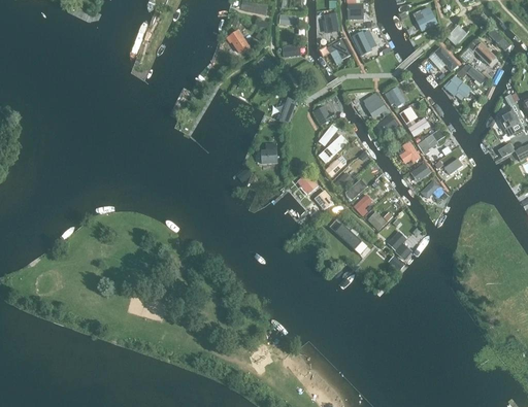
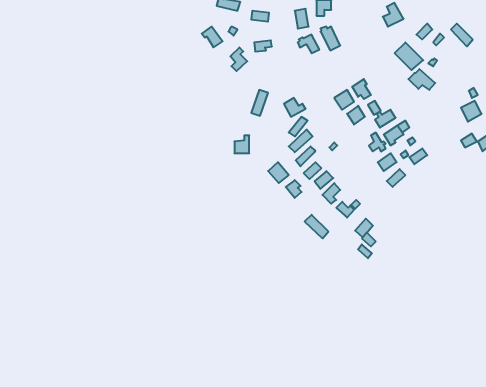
building: [469,45,497,73] -> none

